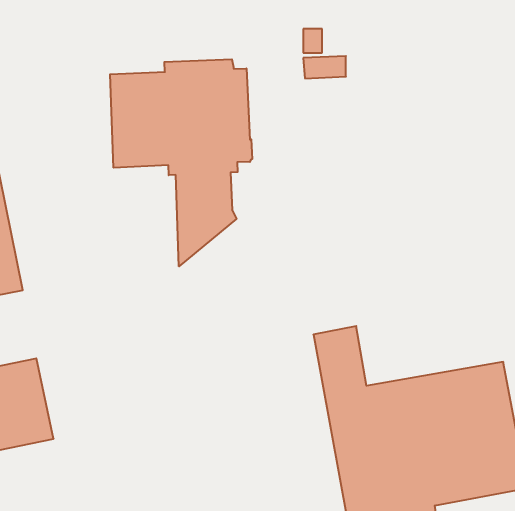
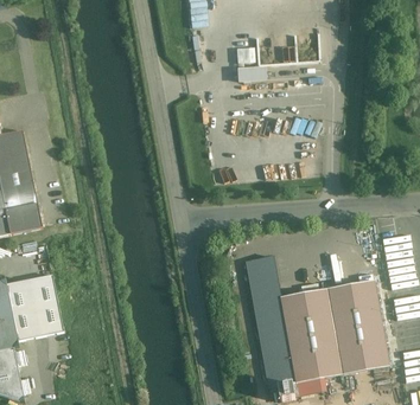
building: [110,59,252,266] -> none

